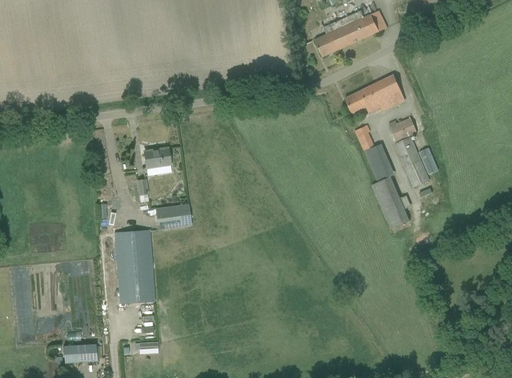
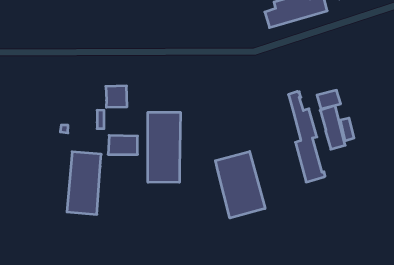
building: [345,74,405,114] -> none
building: none -> [148,112,180,182]
building: none -> [215,151,265,218]
building: [63,343,96,362] -> none

